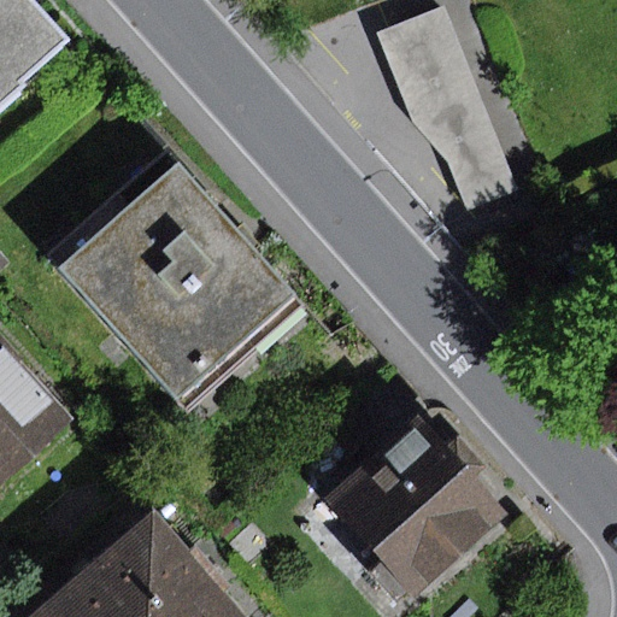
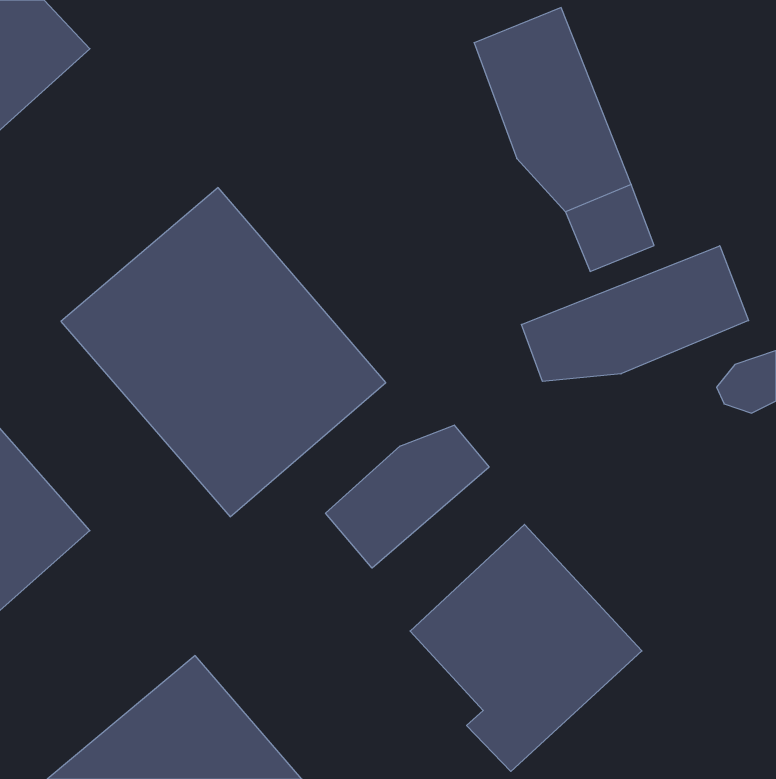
building: none -> [521,246,749,381]
building: none -> [326,425,489,568]

